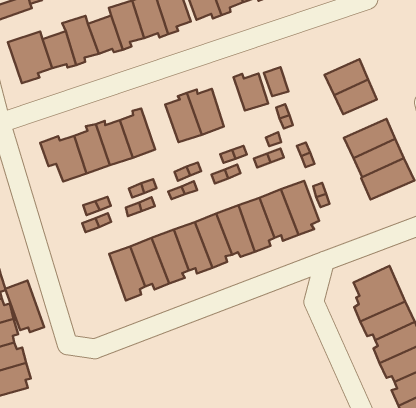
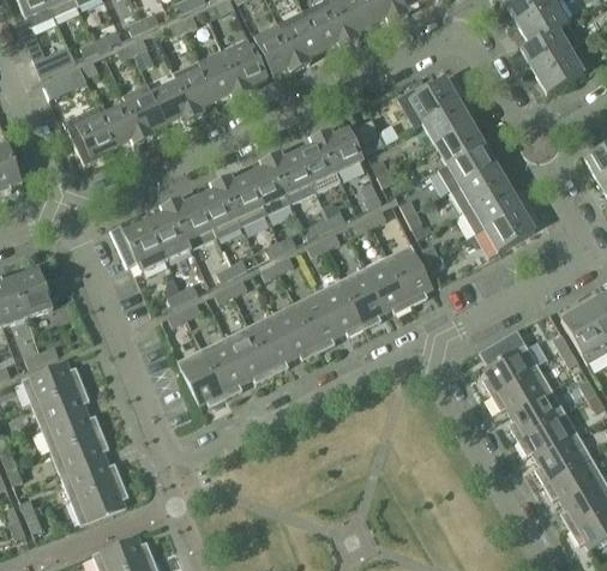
building: none -> [397,78,459,127]
building: none -> [298,136,341,192]
building: none -> [439,144,497,191]
building: none -> [221,174,266,226]
building: [5,280,44,332] -> [178,348,226,405]

